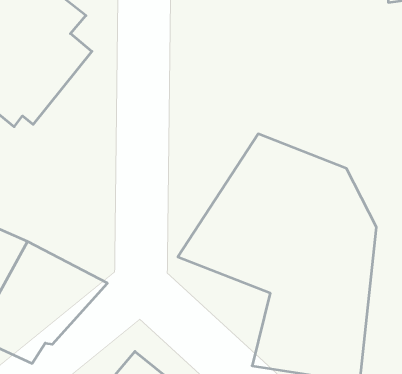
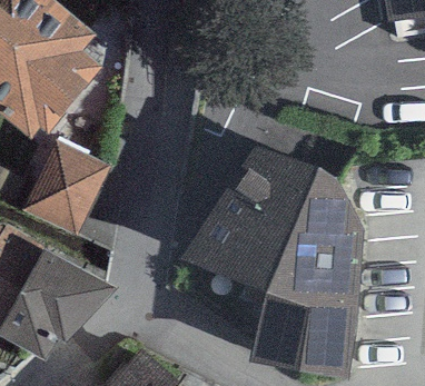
building: none -> [22,136,110,231]

